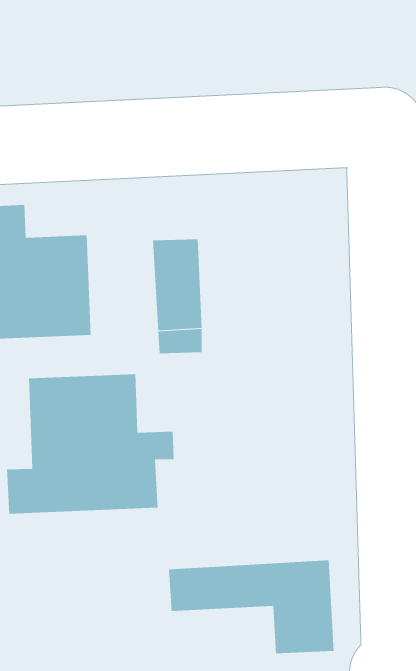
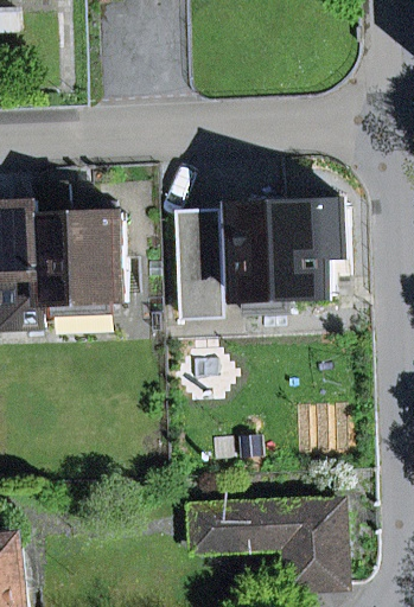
building: none -> [231,203,344,315]
building: [6,374,174,514] -> none

